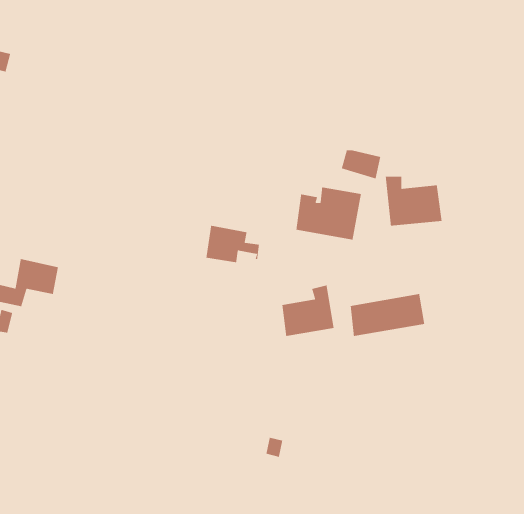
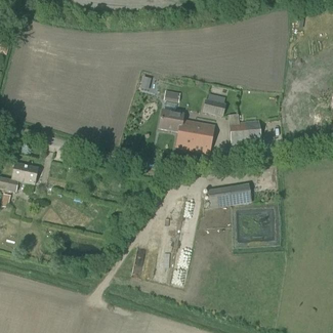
building: [205,225,260,263] -> [160,109,192,131]
building: [281,284,335,337] -> none

